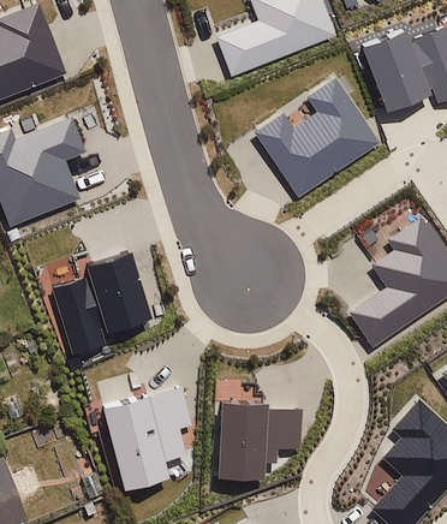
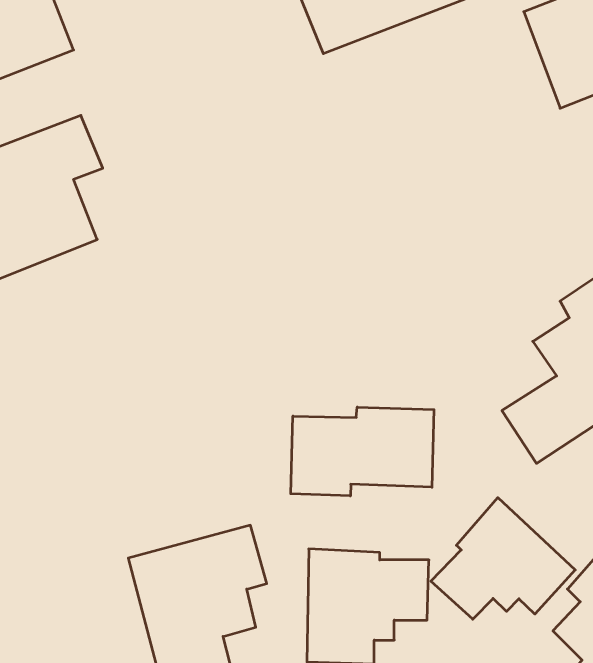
building: [255,76,381,197] -> none
building: [52,251,155,353] -> none
building: none -> [291,407,434,496]
building: none -> [431,498,575,619]

